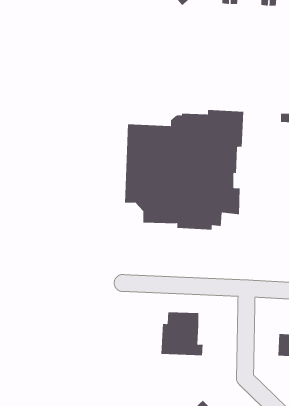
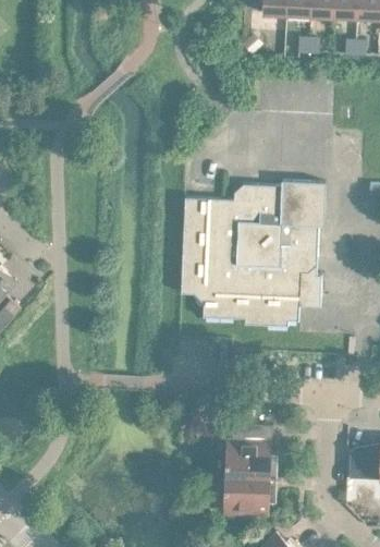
building: none -> [223,476,275,515]

